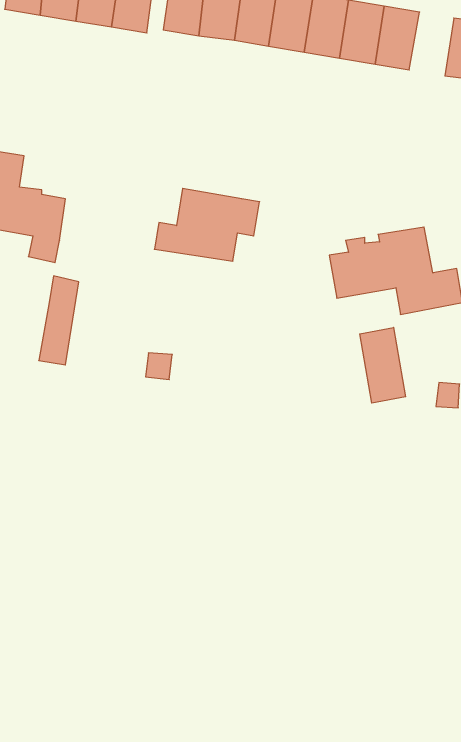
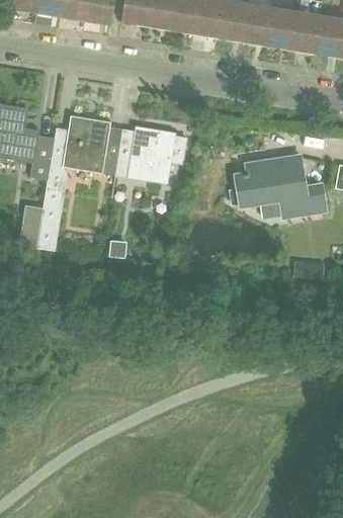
building: none -> [289,10,320,54]
building: none -> [51,120,118,172]
building: none -> [18,205,44,248]
building: [360,327,406,403] -> none

